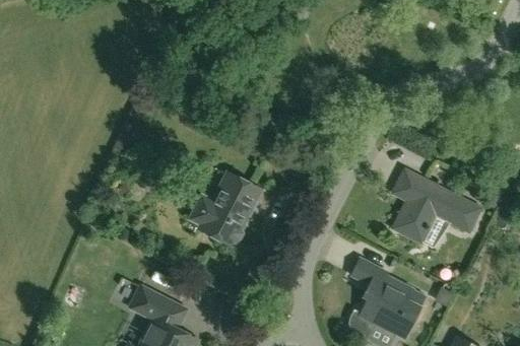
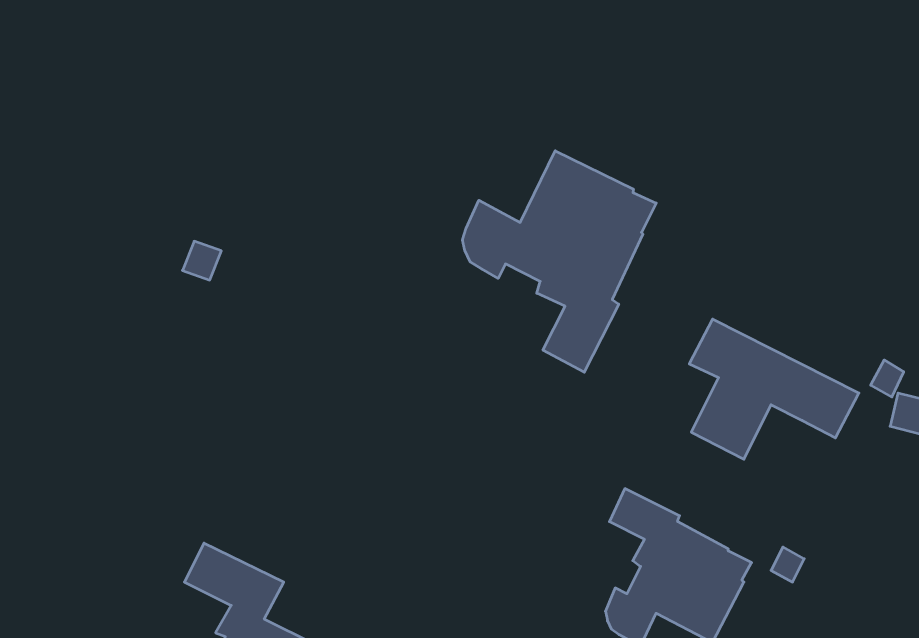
building: none -> [463,151,656,372]
building: [190,171,263,246] -> none

